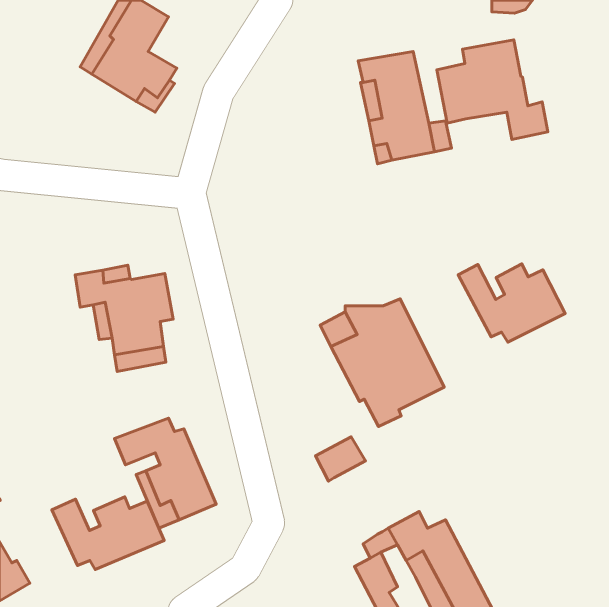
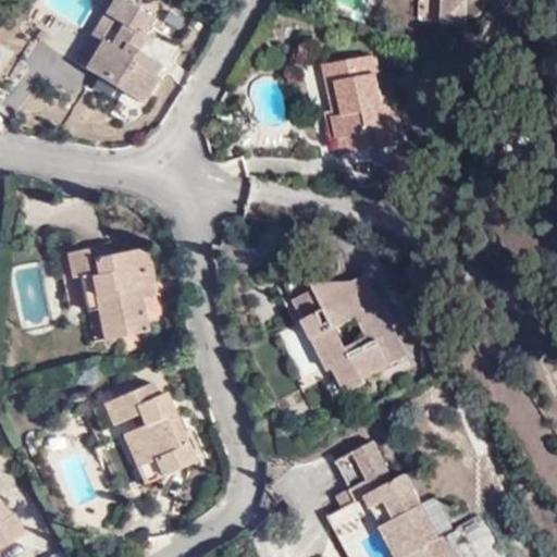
building: [437,40,548,140] -> none
building: [458,264,565,342] -> none
building: [315,437,366,481] -> [336,447,382,487]
building: [52,497,164,570] -> none

